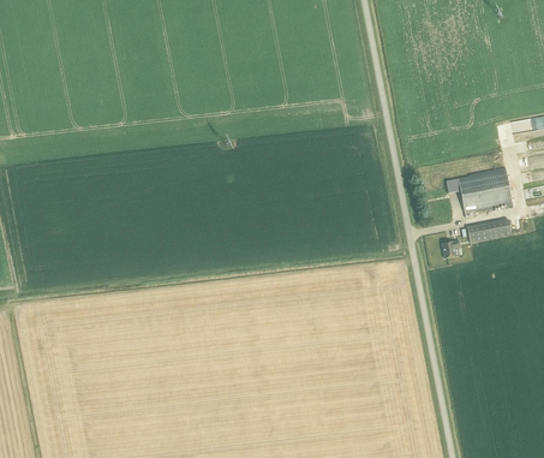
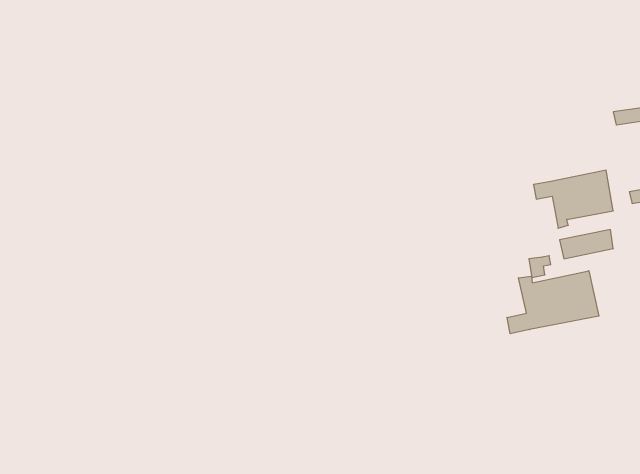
building: none -> [507,271,599,334]

